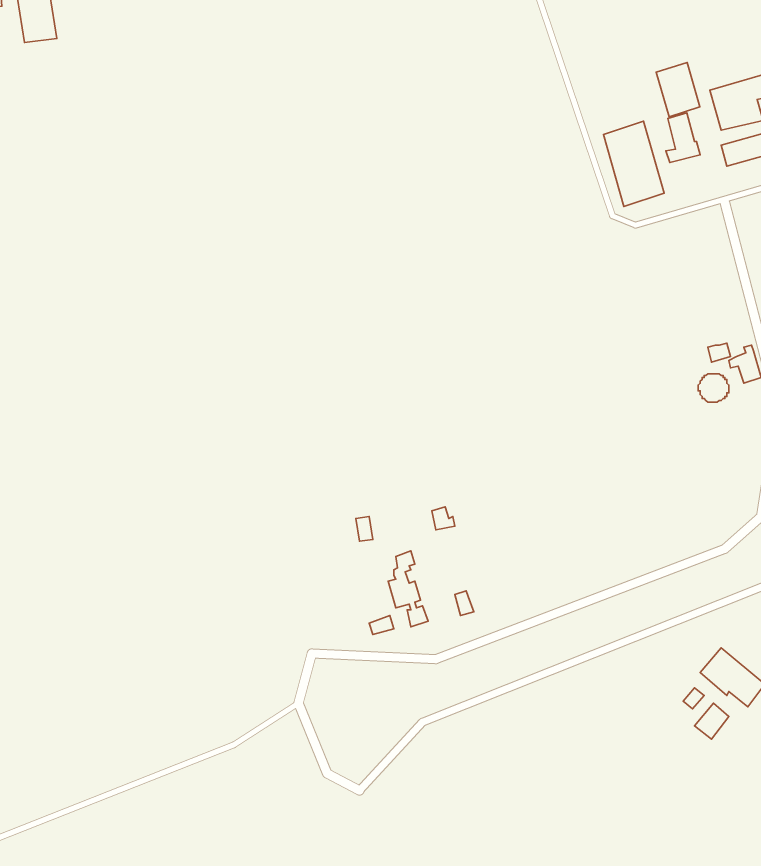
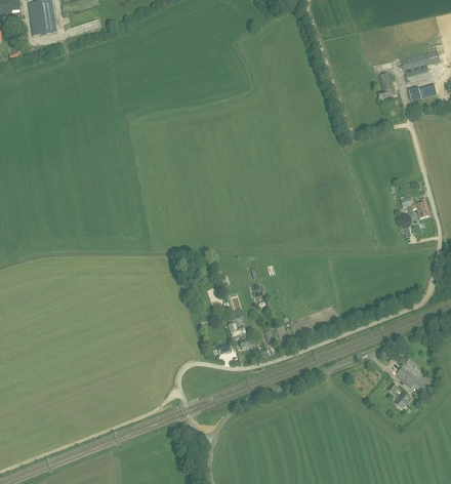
building: [656,62,700,117] -> none
building: [603,121,664,206] -> none

